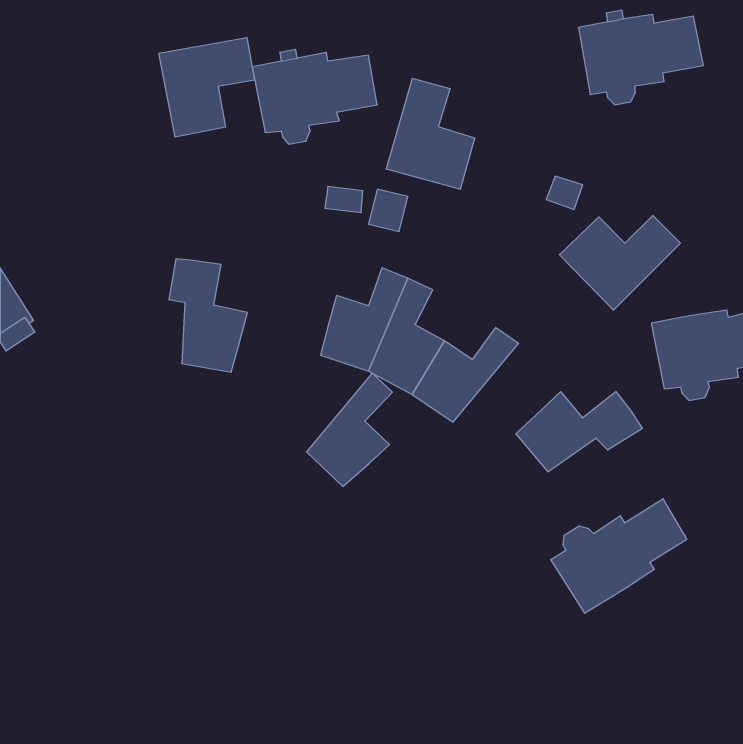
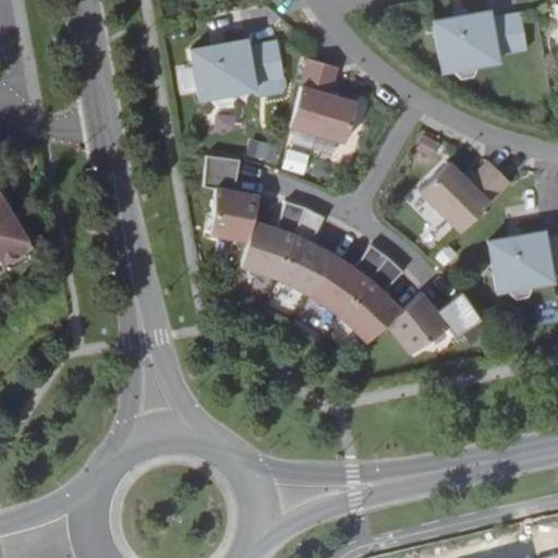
building: [159,38,254,137] -> none
building: [169,259,247,372] -> [201,156,259,241]
building: [306,373,392,487] -> [340,257,404,342]
building: [551,499,687,613] -> none

